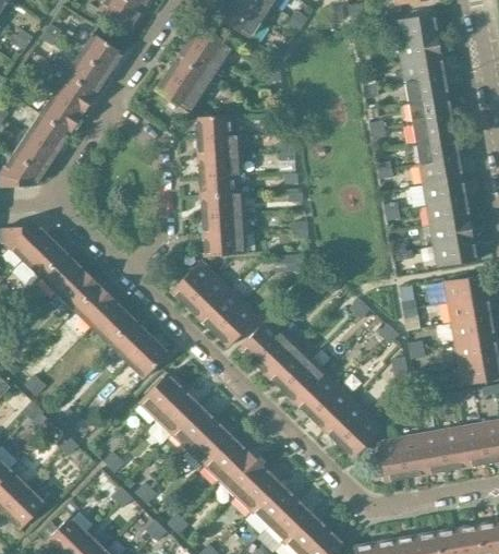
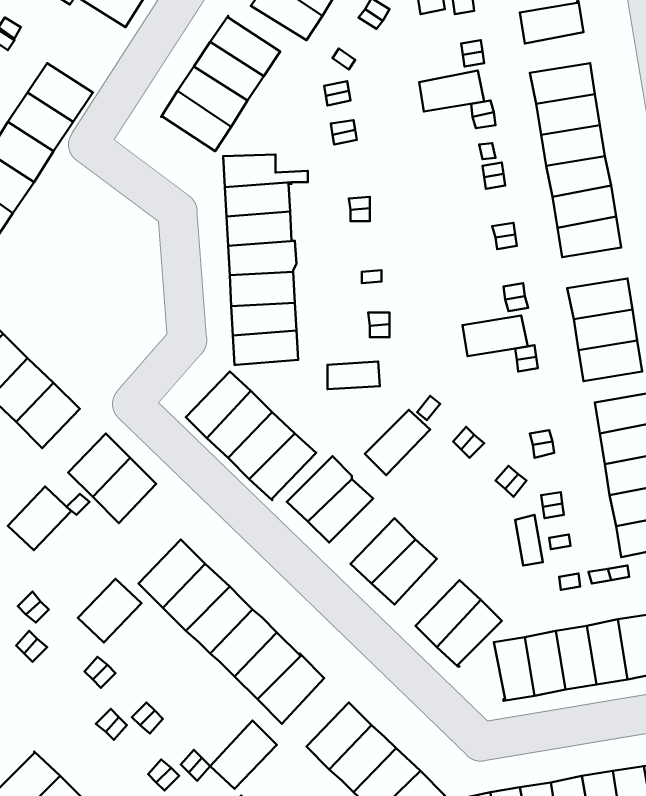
building: [78,33,123,74] -> none
building: [398,34,441,61] -> [419,71,484,111]
building: [423,178,466,205] -> [463,315,528,356]
building: [75,286,118,328] -> [8,487,71,550]
building: [126,336,169,378] -> [78,579,141,642]
building: [267,346,311,389] -> [365,410,430,475]
building: [311,386,354,431] -> none
building: [235,466,280,511] -> [210,720,277,789]

